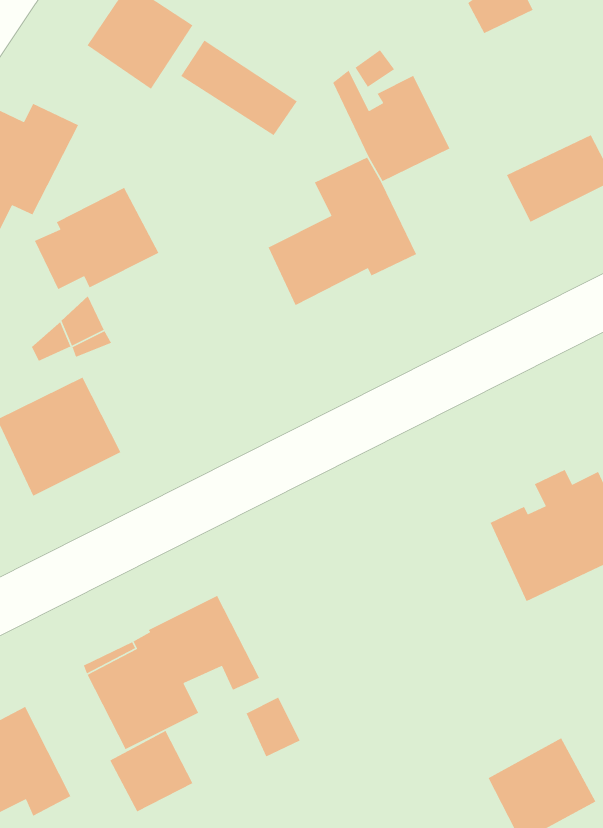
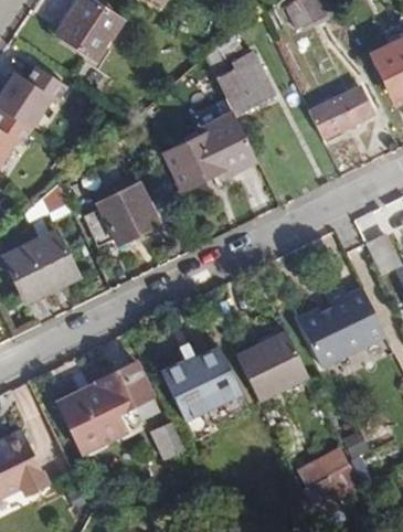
building: [180,39,298,136] -> none
building: [34,187,159,290] -> [85,184,160,246]
building: none -> [238,333,309,401]
building: none -> [163,350,241,421]
building: [109,730,193,812] -> none

